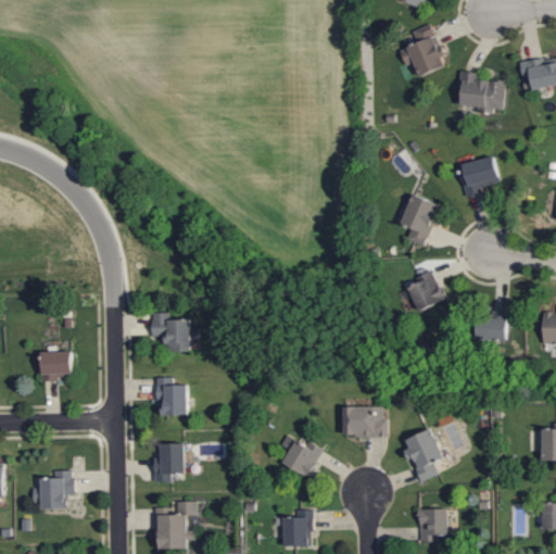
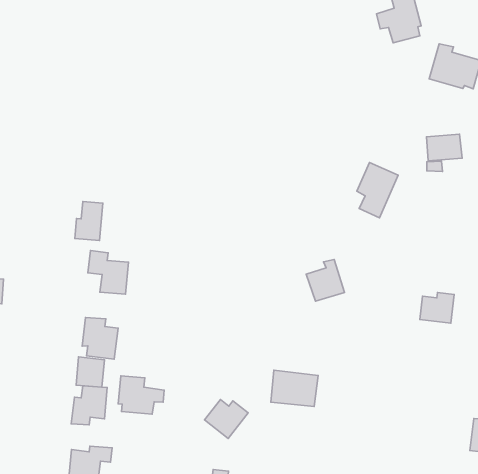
building: none -> [75,201,103,241]
building: [406,270,445,313] -> [306,260,345,301]
building: none -> [76,357,105,387]
building: [404,429,441,481] -> none
building: none -> [118,376,164,414]

